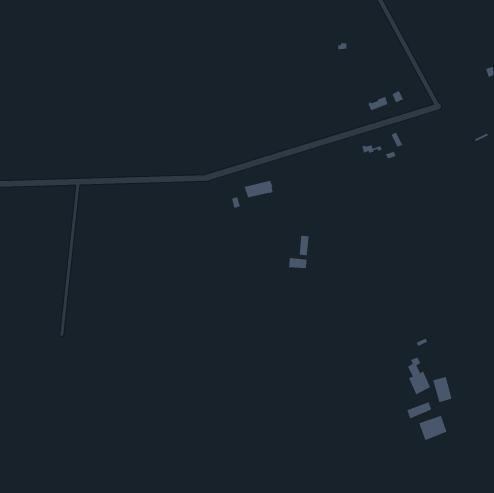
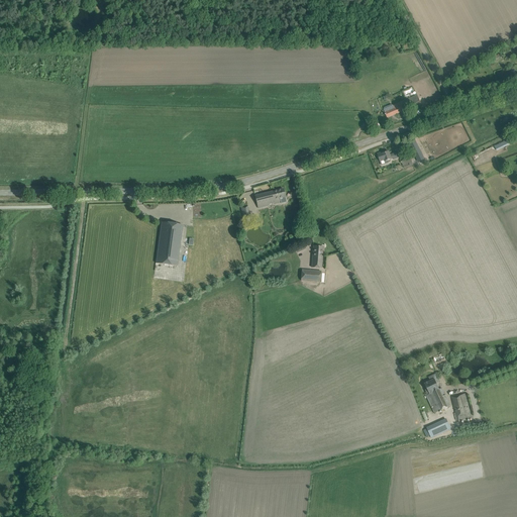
building: none -> [157,221,183,265]
building: [418,415,448,441] -> none

